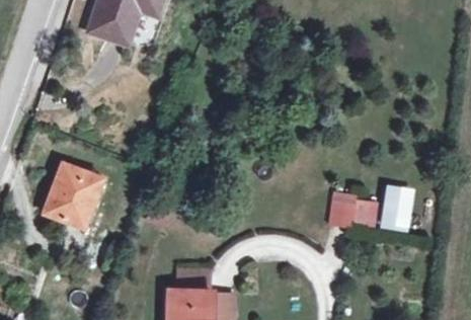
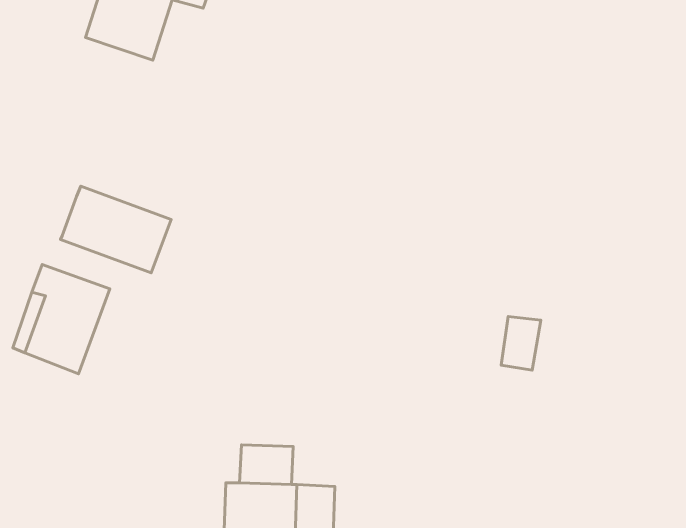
building: none -> [61,186,171,273]
building: [378,186,410,232] -> none

